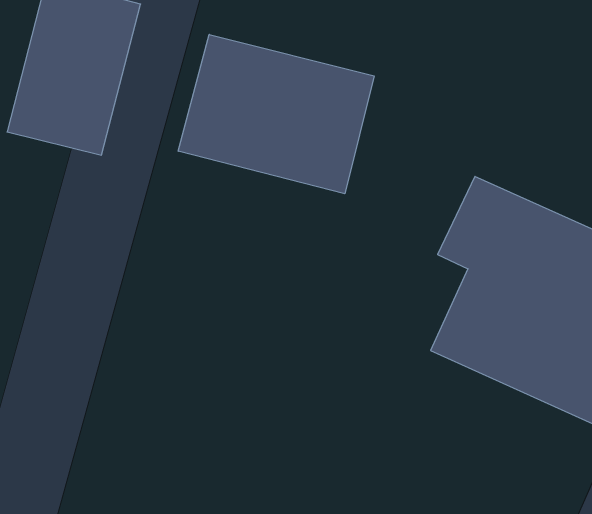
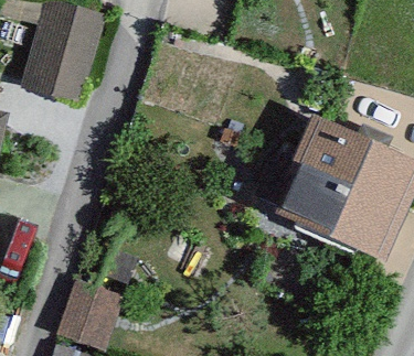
building: [178,34,374,194] -> none

